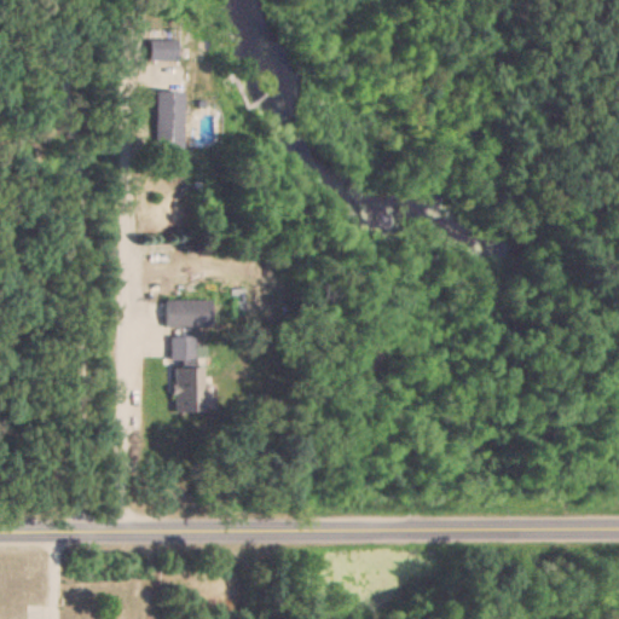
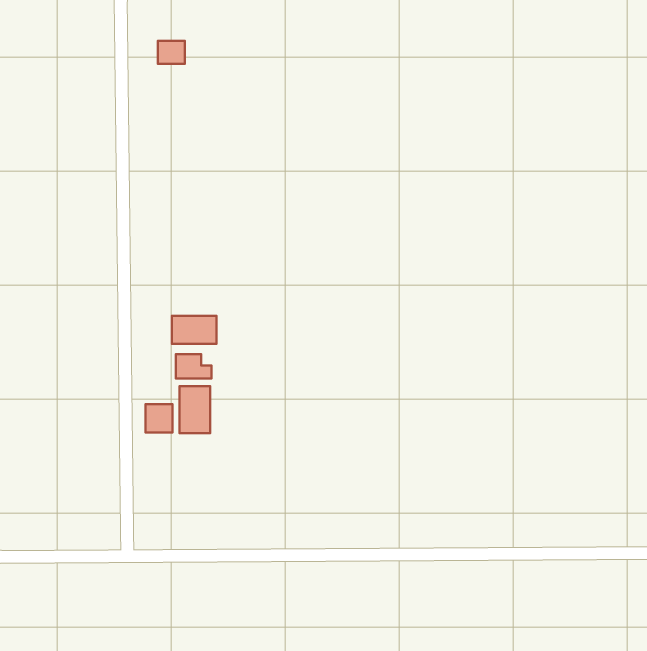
building: [157,91,184,144] -> none
building: none -> [146,404,172,433]

